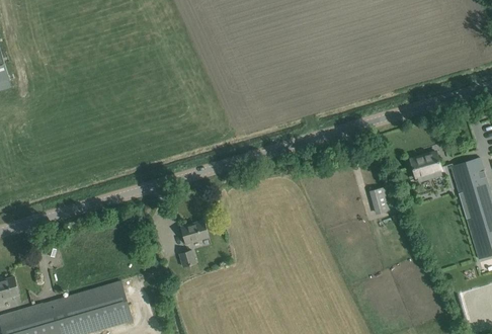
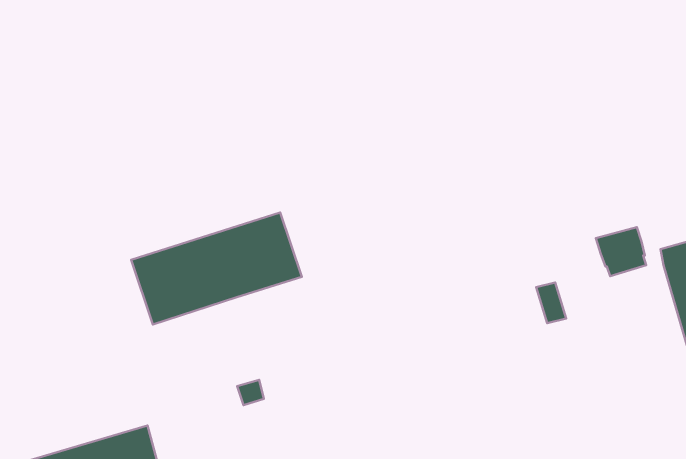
building: none -> [131,212,302,324]
building: [181,220,209,244] -> none

